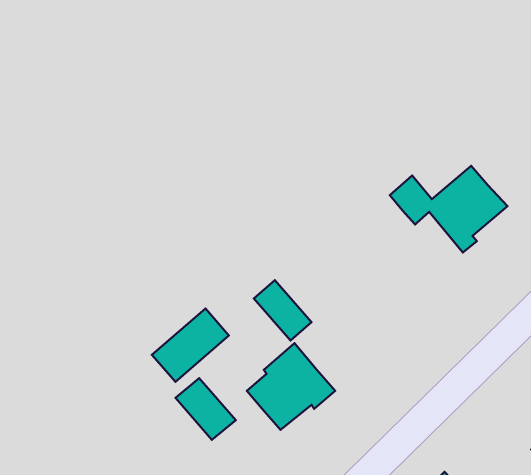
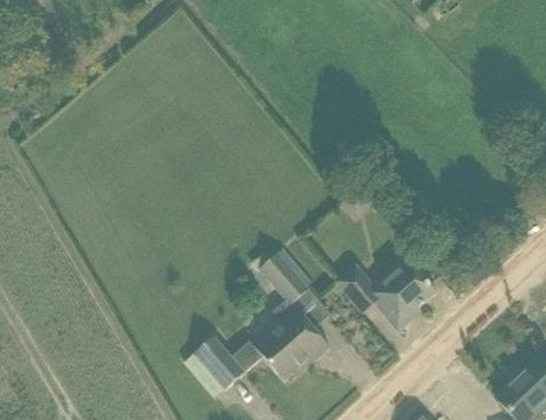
building: [390,166,508,252] -> [337,257,437,331]
building: [152,308,229,382] -> none

